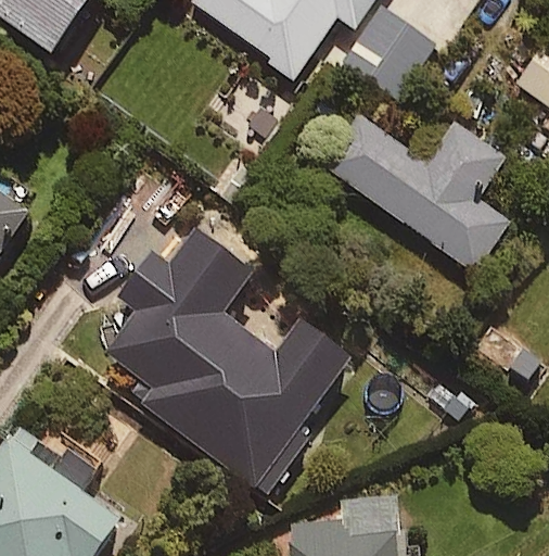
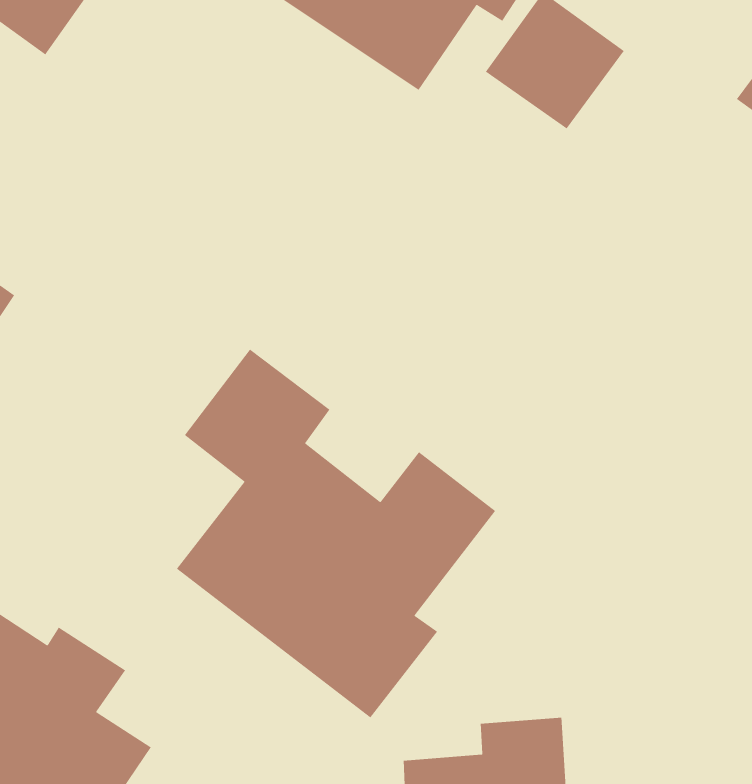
building: [325,117,509,271] -> none

